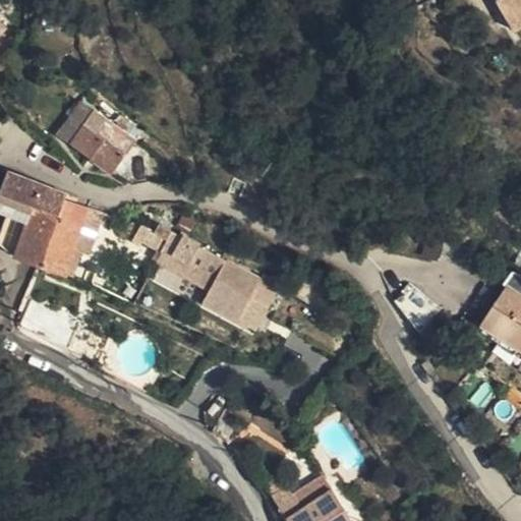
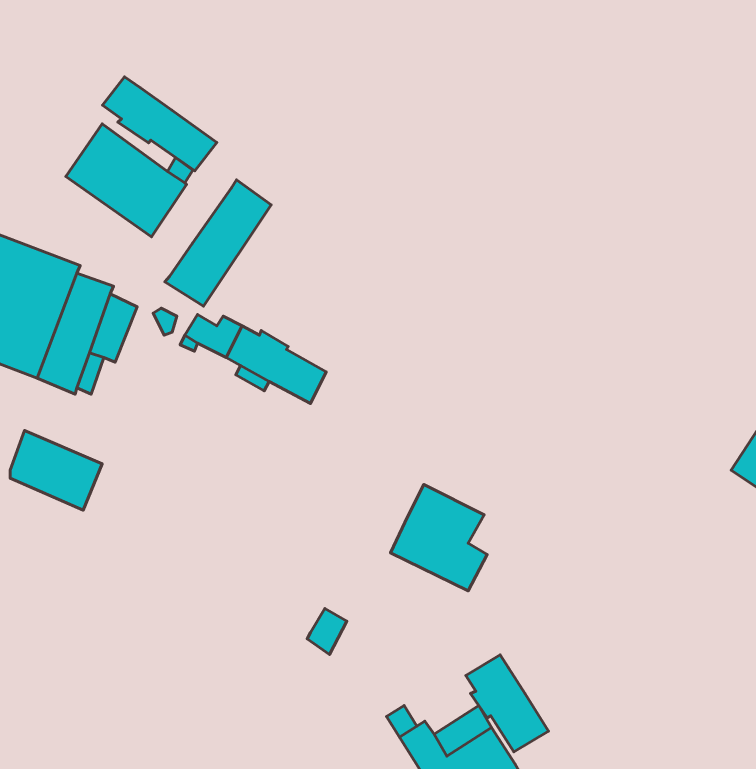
building: none -> [102,77,217,171]
building: none -> [165,180,271,306]
building: [202,262,265,330] -> [390,485,487,591]
building: none -> [466,655,548,752]

